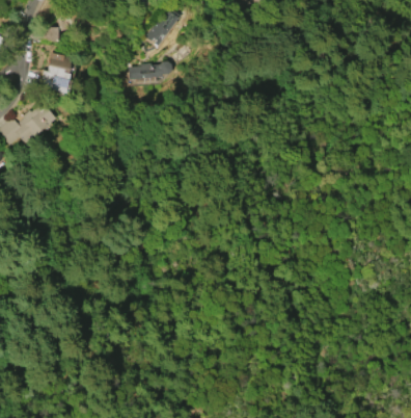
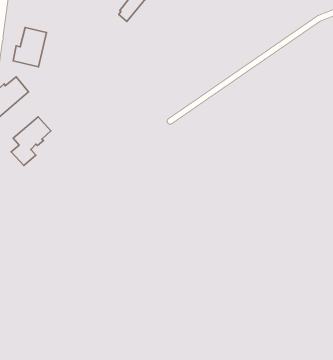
building: [130,61,173,83] -> none
building: none -> [11,117,51,166]

